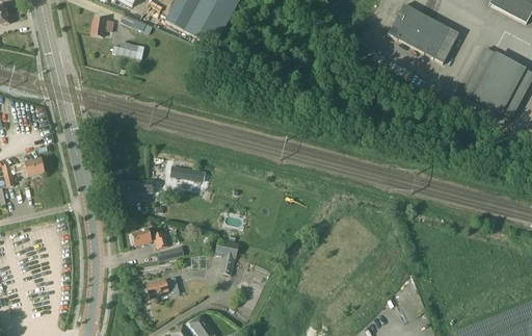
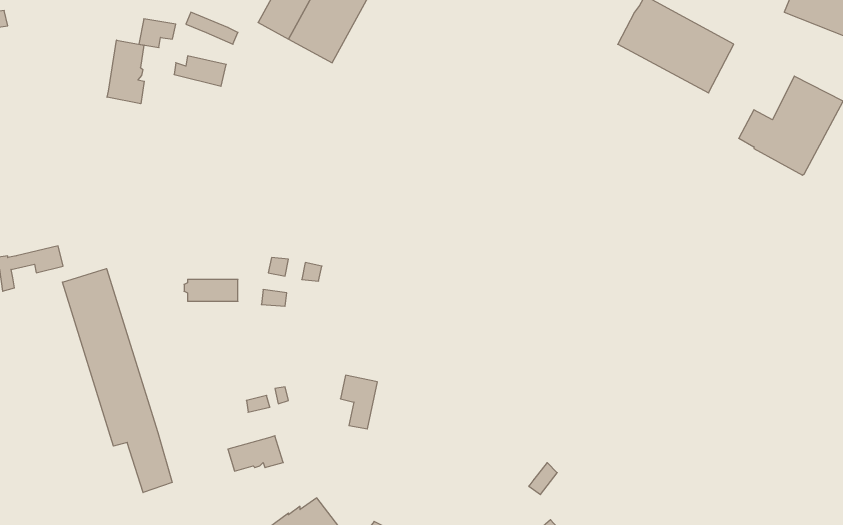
building: none -> [107,40,144,104]
building: none -> [62,269,172,493]
building: [132,228,169,249] -> none

